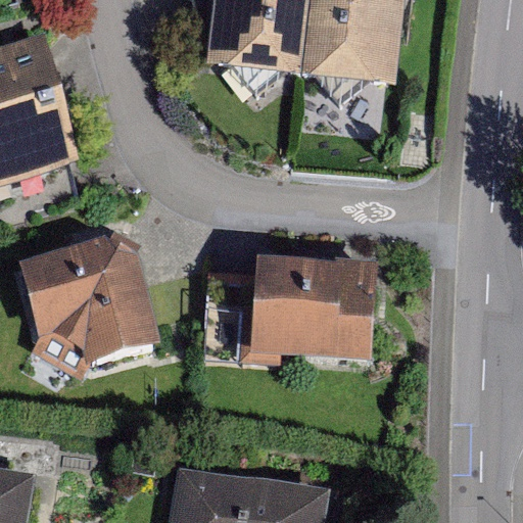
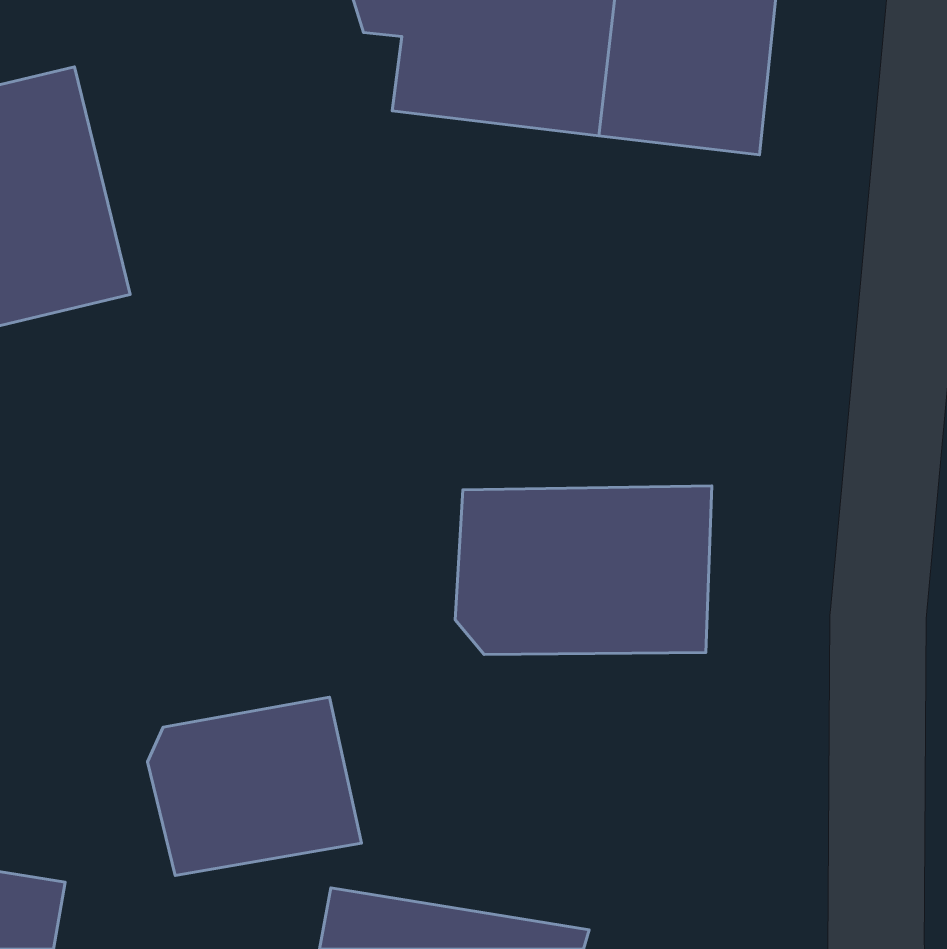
building: [12,239,165,360] -> none
building: none -> [148,697,361,875]

